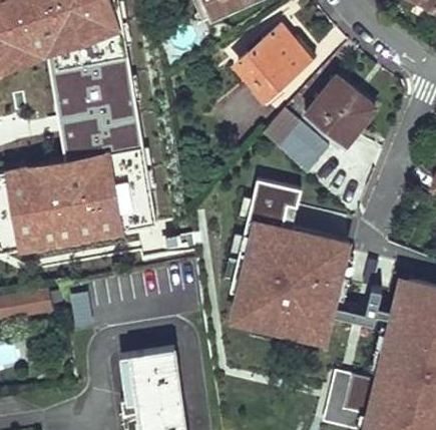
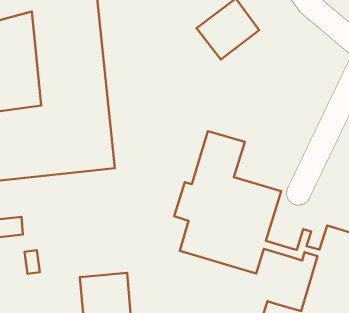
building: [307,77,376,147] -> none
building: [265,109,329,172] -> none

